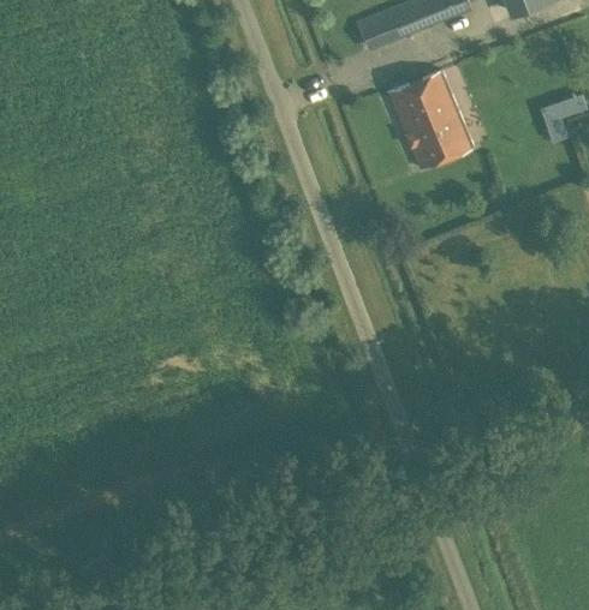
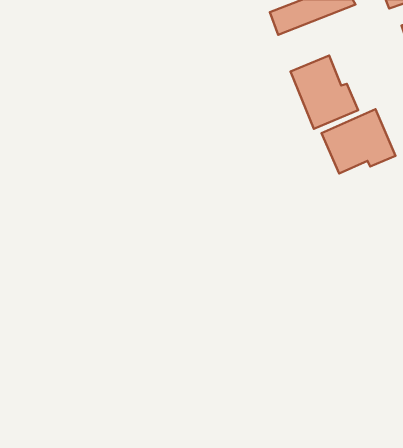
building: none -> [322,109,395,174]

